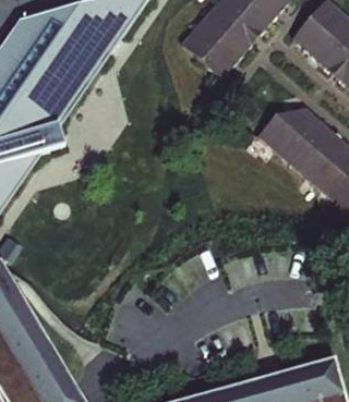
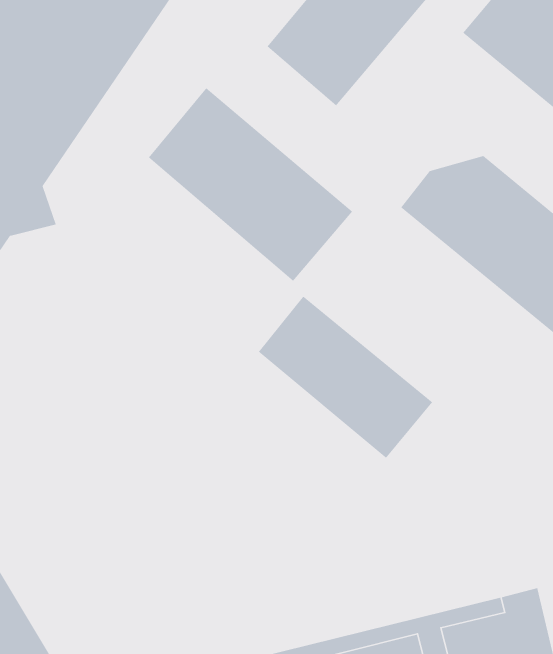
building: none -> [148,87,353,282]
building: none -> [258,295,433,459]

